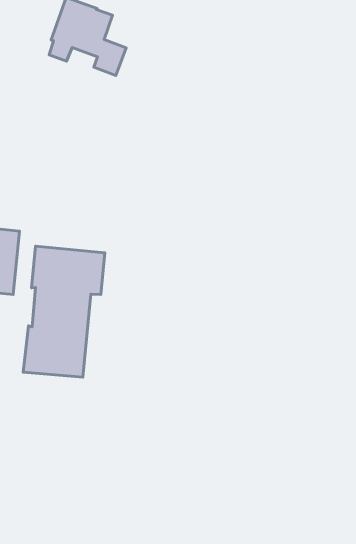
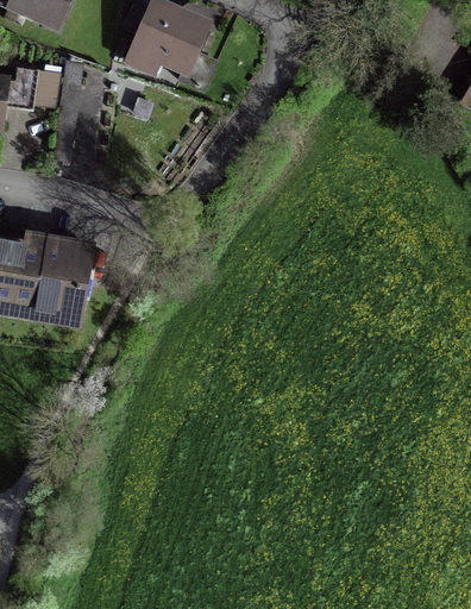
building: [23,246,105,377] -> none

